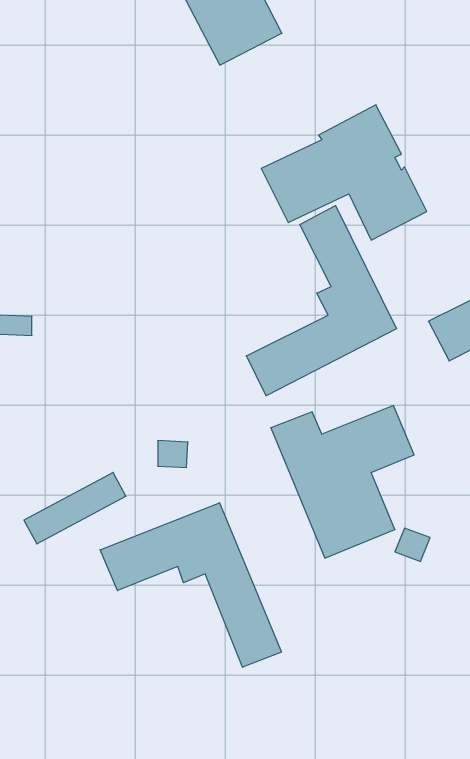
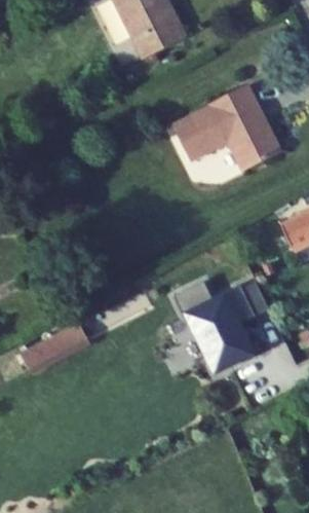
building: [246,206,397,396] -> none
building: [100,503,281,667] -> none

